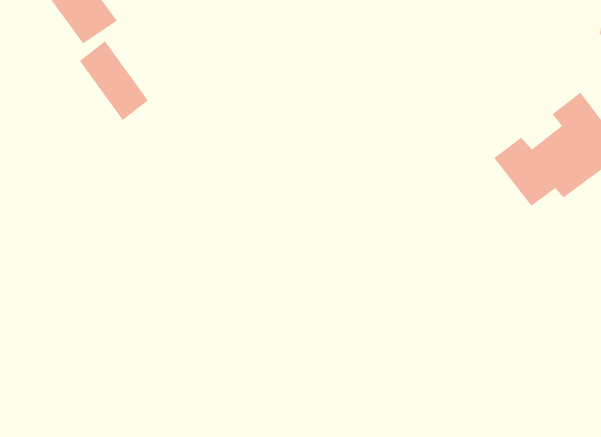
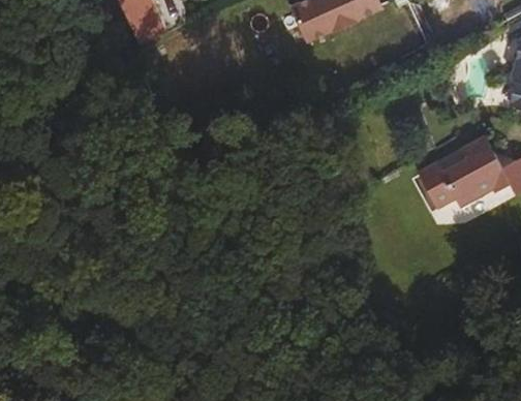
building: [79,40,149,121] -> none

